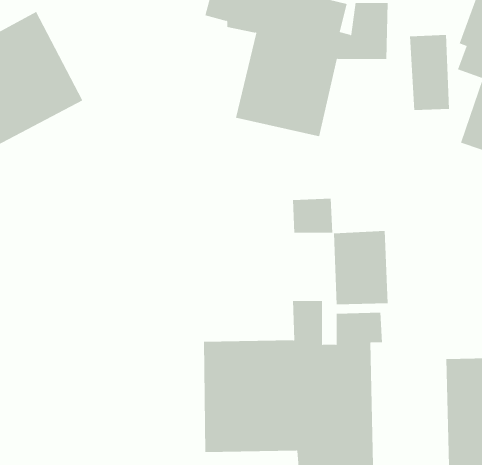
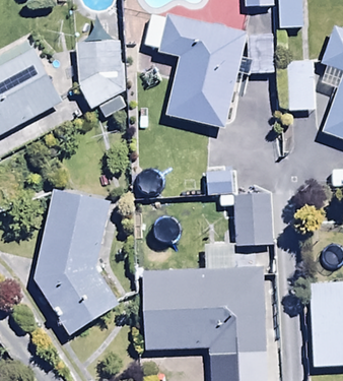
building: none -> [76,42,124,115]
building: none -> [33,189,119,335]

